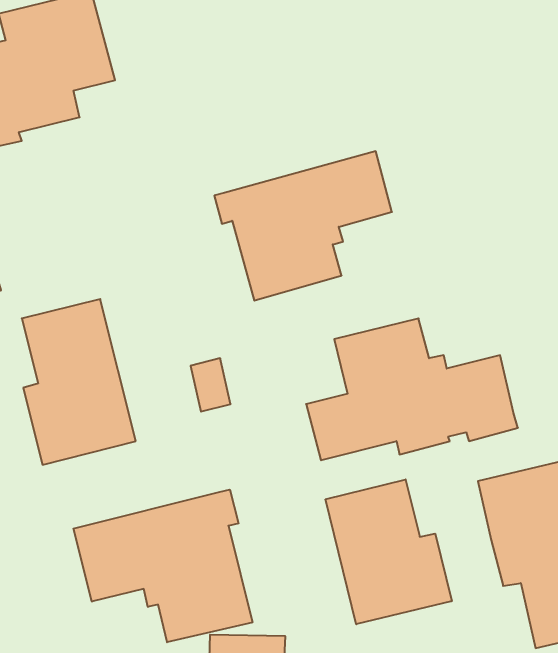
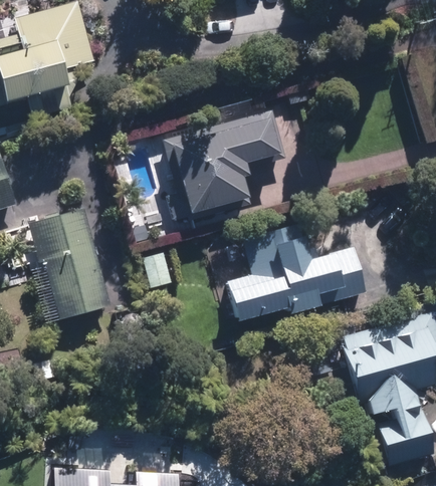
building: [326,479,452,624] -> none
building: [73,490,252,642] -> none

